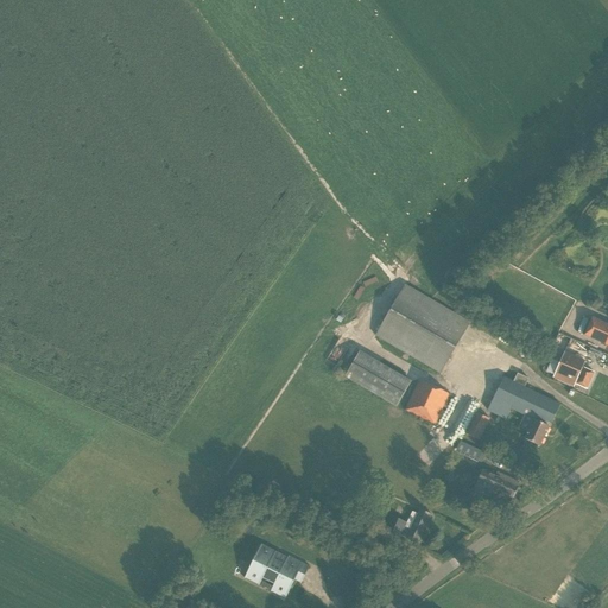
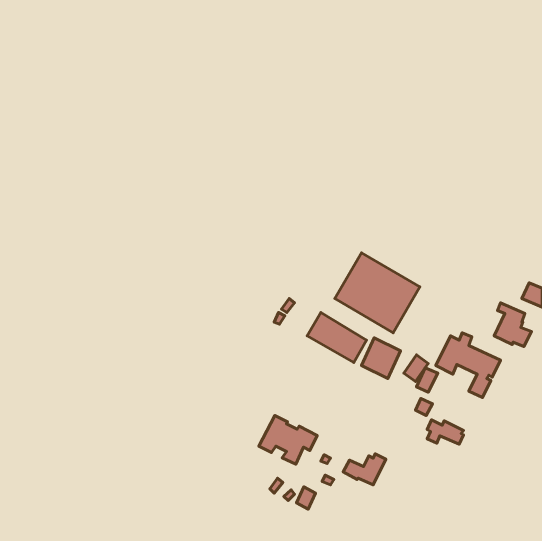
building: [243,543,309,597] -> [259,415,317,464]

